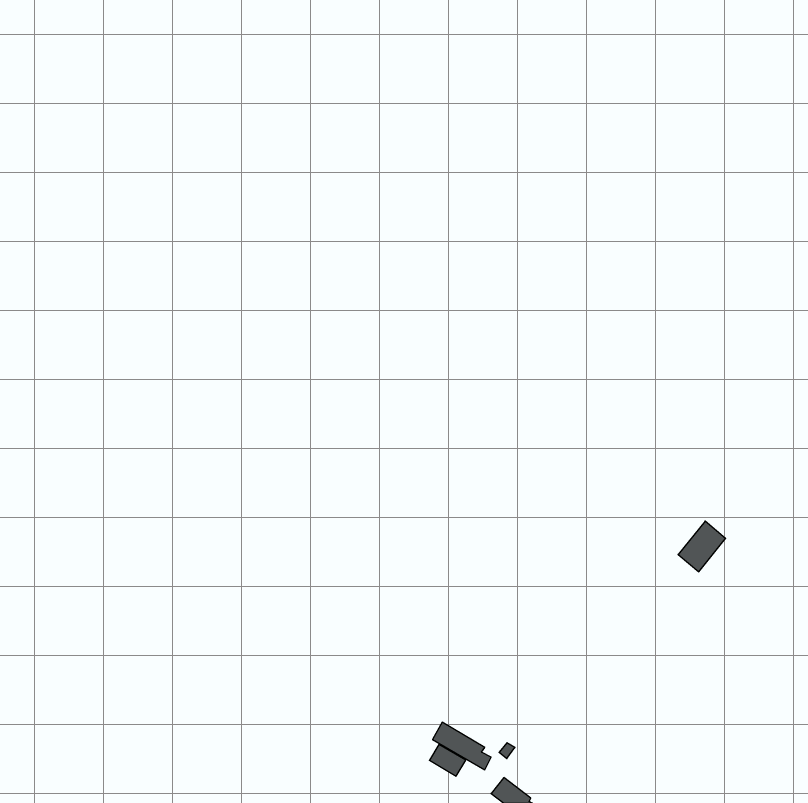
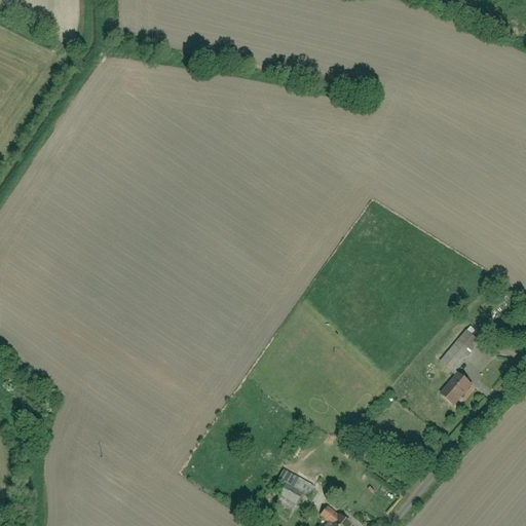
building: none -> [442,373,472,404]

